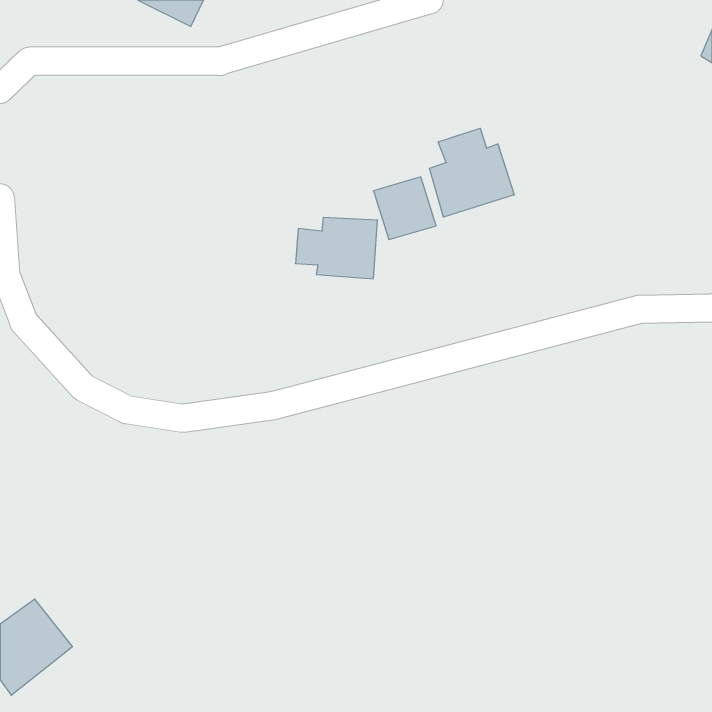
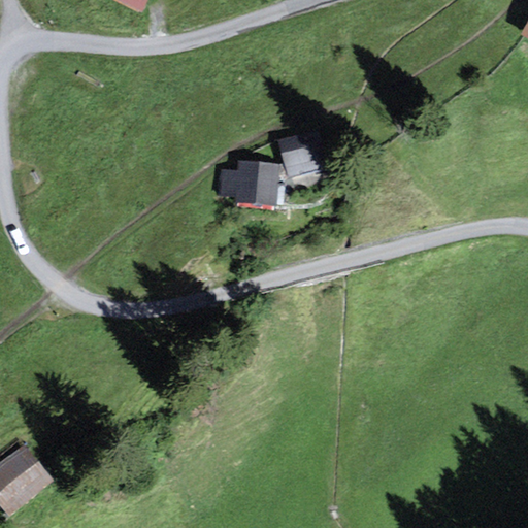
building: [430,128,514,217] -> none

